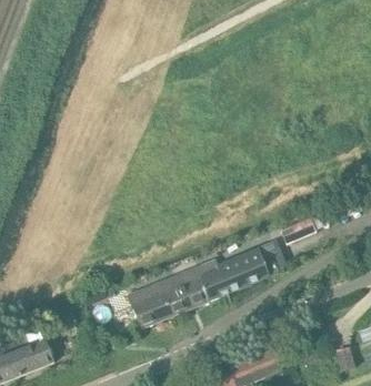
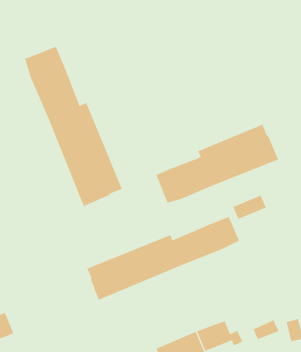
building: none -> [24,46,123,207]
building: none -> [156,124,279,204]

